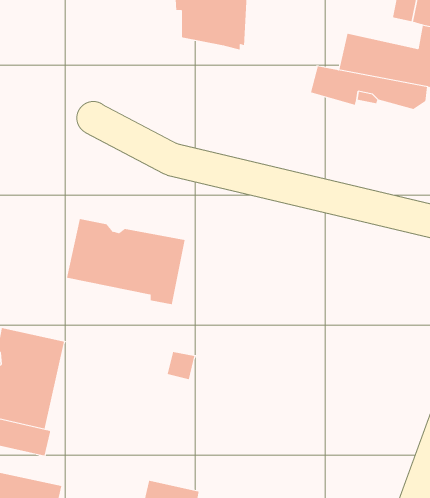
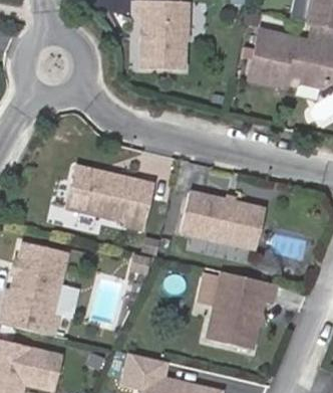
building: none -> [136,36,180,68]
building: none -> [182,191,264,246]
building: none -> [203,270,271,348]

